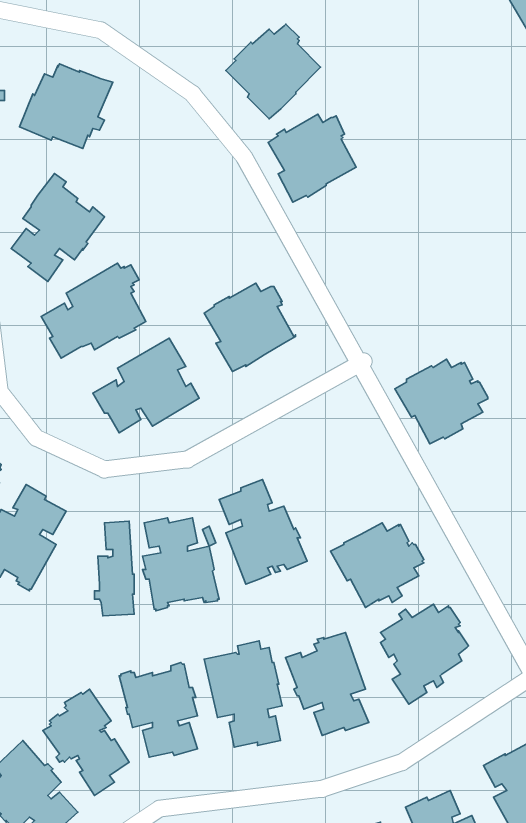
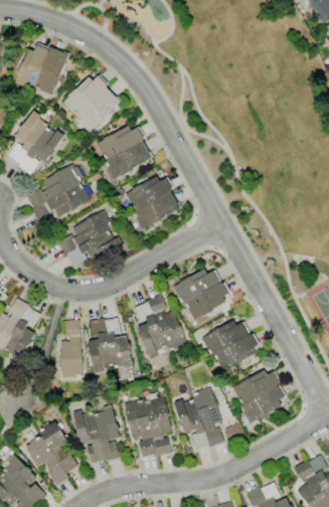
building: [226,24,321,119] -> [62,74,120,132]
building: [268,114,356,202] -> [98,126,151,179]
building: [395,359,488,444] -> [172,269,228,320]

